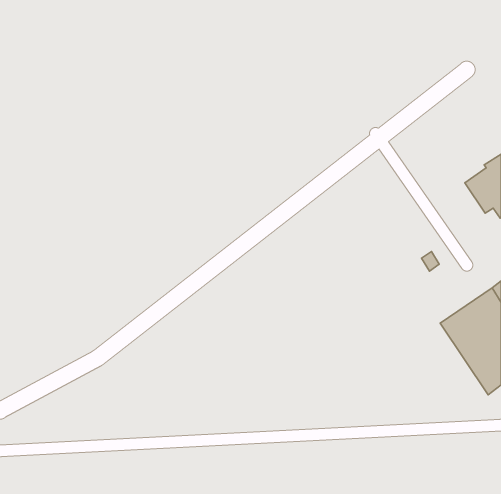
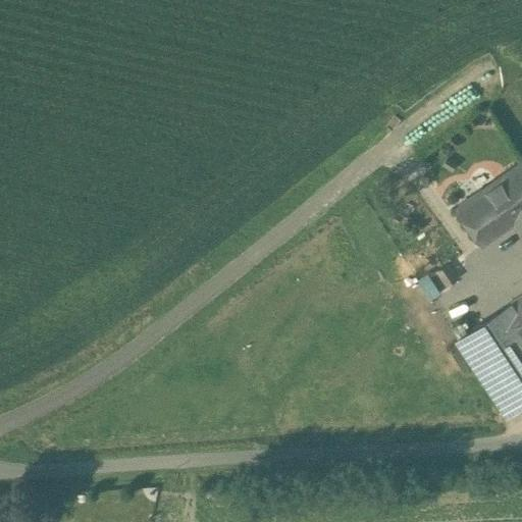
building: none -> [458,196,505,246]

